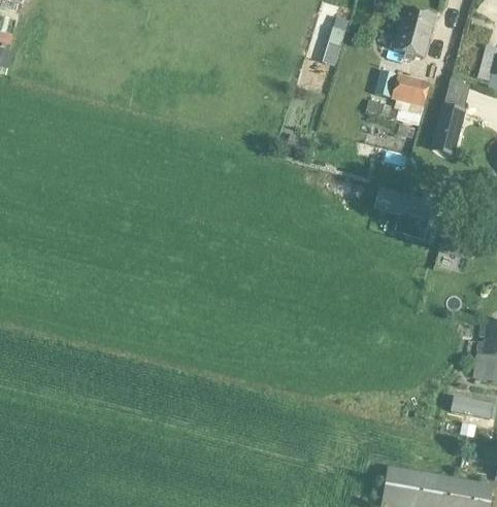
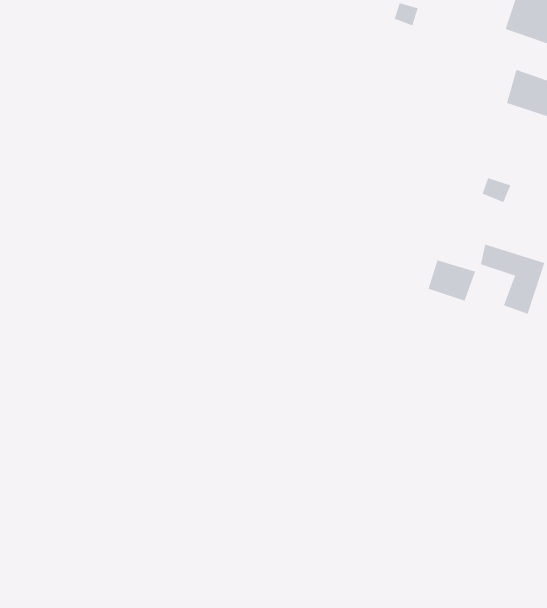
building: none -> [428,259,476,302]

